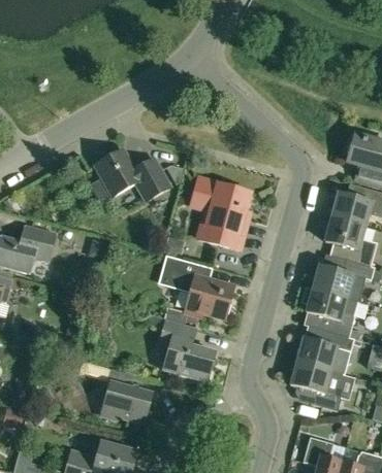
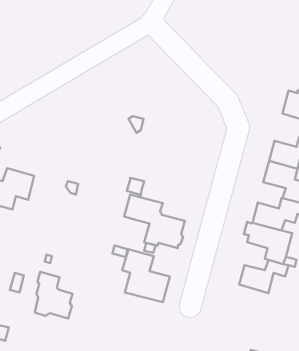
building: [93,149,170,201] -> none
building: [195,180,249,249] -> none
building: [289,361,343,410] -> none
building: [104,368,149,423] -> [35,272,73,319]

